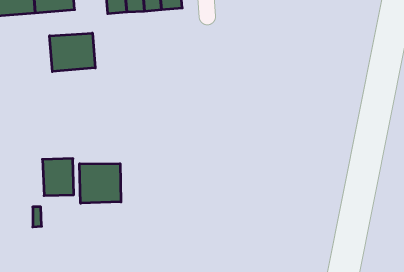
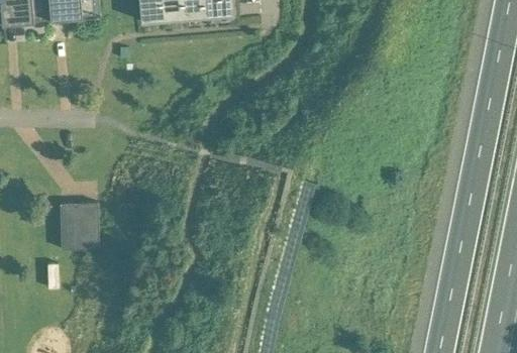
building: [50,33,95,72] -> none
building: [80,164,121,203] -> none

